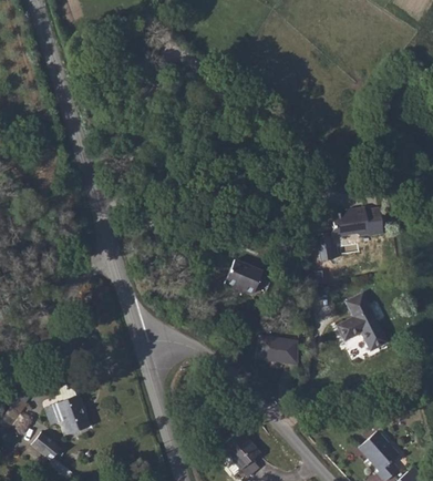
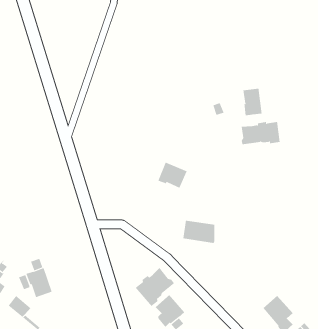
building: none -> [243,88,262,116]
building: [337,293,388,350] -> none
building: none -> [135,267,175,307]

